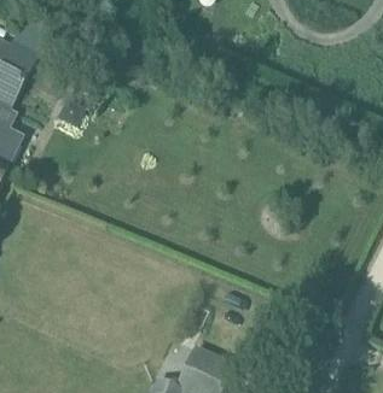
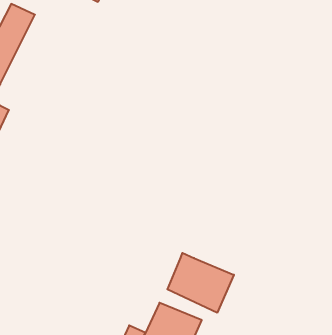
building: none -> [167,253,234,313]

